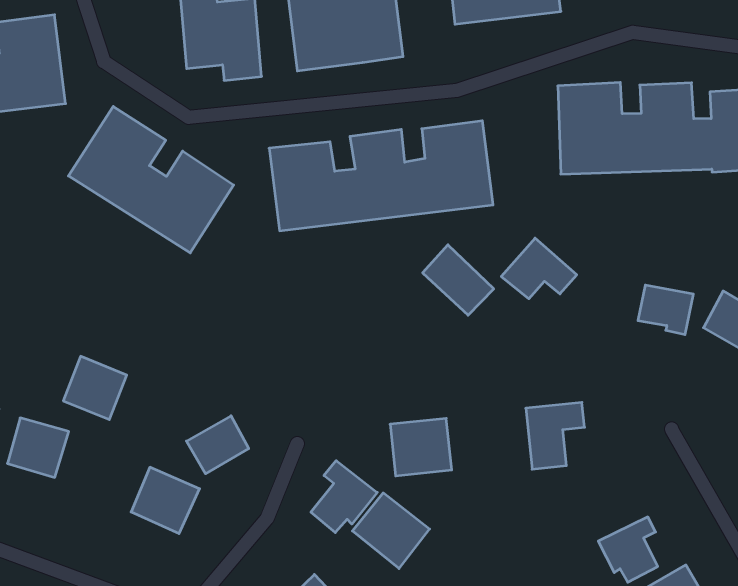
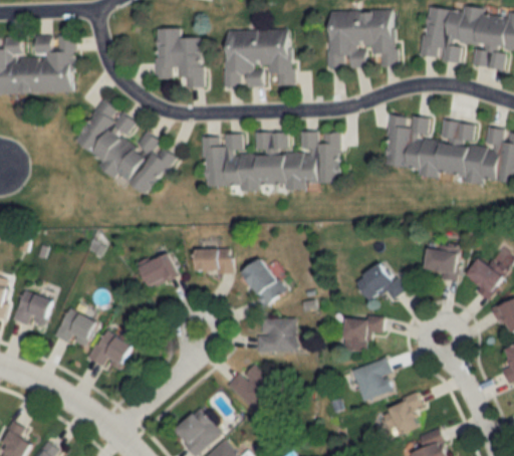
building: [501,238,577,299] -> [356,262,405,300]
building: [423,245,494,315] -> [242,259,286,305]
building: none -> [198,250,232,272]
building: [63,356,127,420] -> [55,307,97,350]
building: [186,416,249,474] -> [140,253,179,288]
building: [311,461,377,533] -> none
building: none -> [352,360,394,399]

